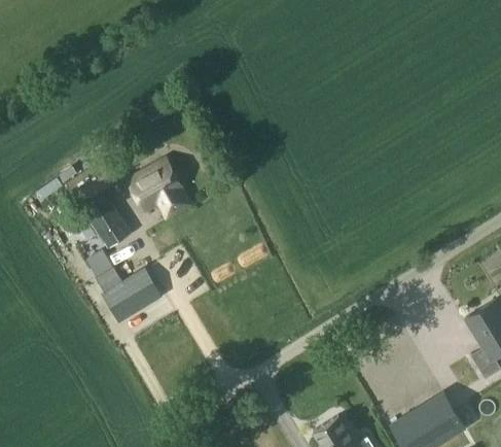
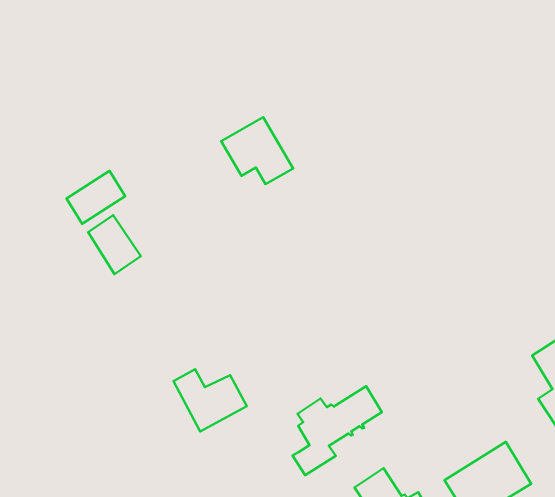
building: [129,163,190,220] -> [221,117,293,184]
building: [97,259,159,312] -> [174,369,247,431]
building: none -> [292,386,382,475]

